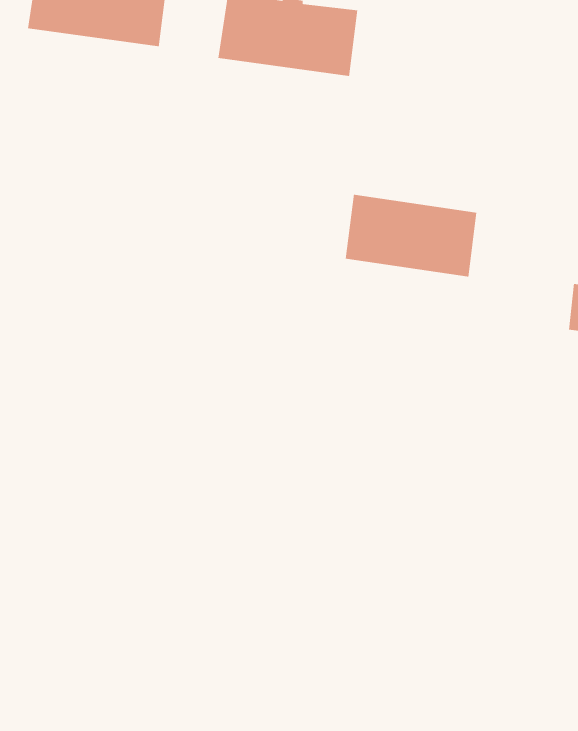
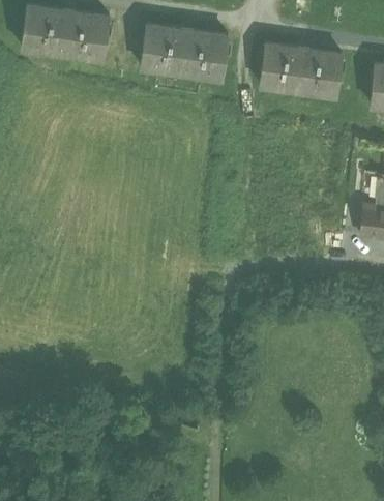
building: [345,194,477,277] -> [260,42,343,94]

